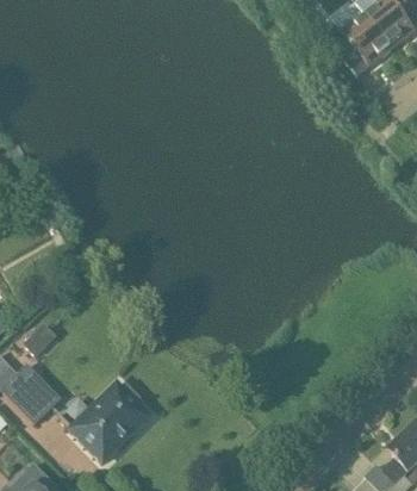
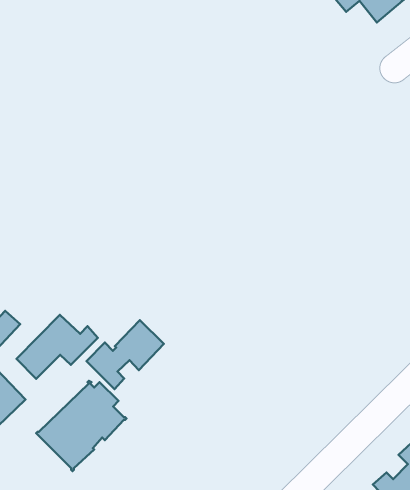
building: none -> [16,315,98,379]
building: none -> [86,320,164,389]

